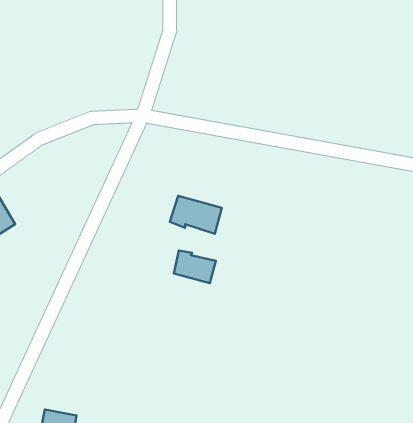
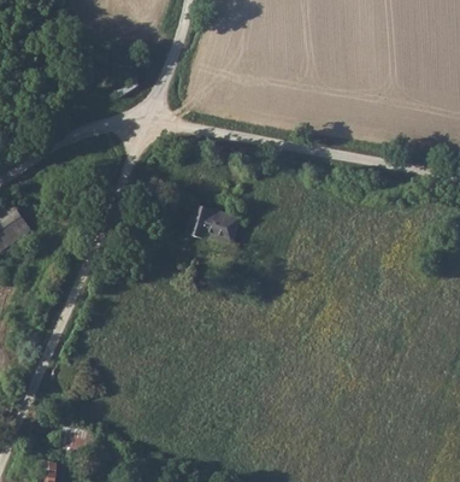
building: [174,251,216,283] -> none

